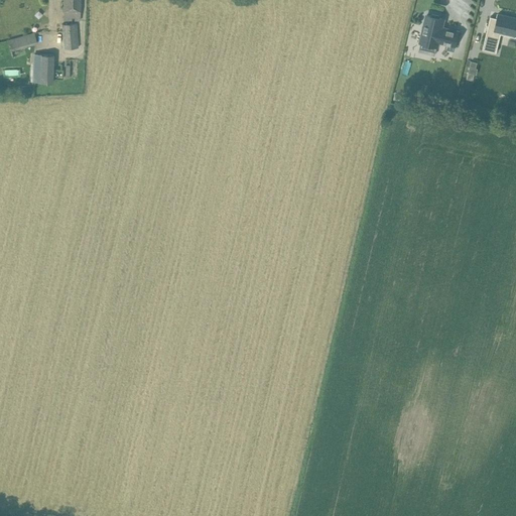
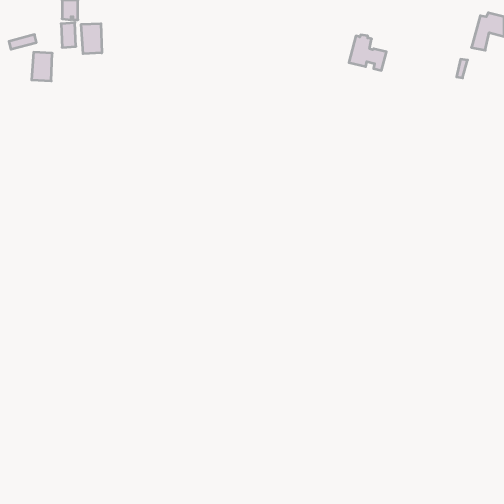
building: [420,14,459,50] -> [349,35,386,70]
building: none -> [81,24,102,54]

